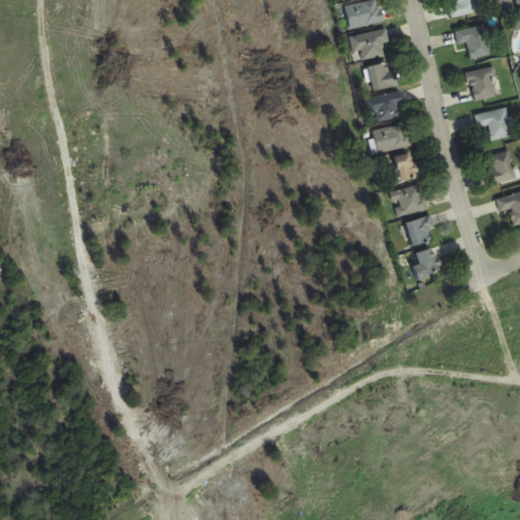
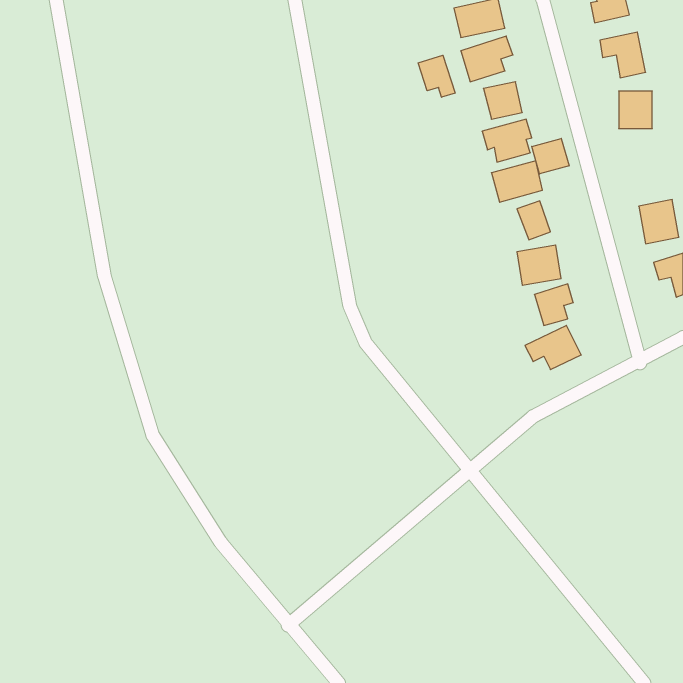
building: none -> [418,55,455,97]
building: none -> [532,138,569,174]
building: [474,109,511,140] -> none

